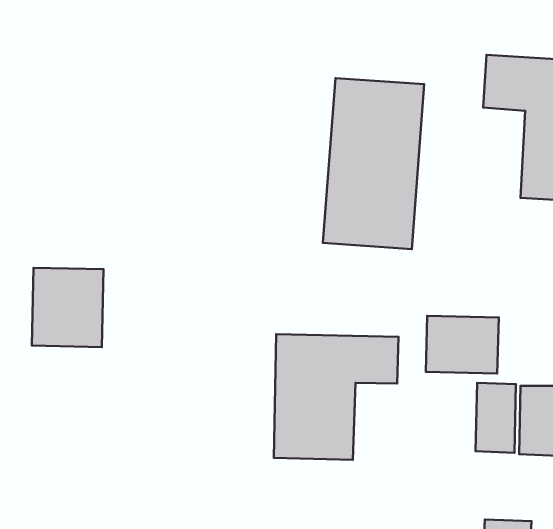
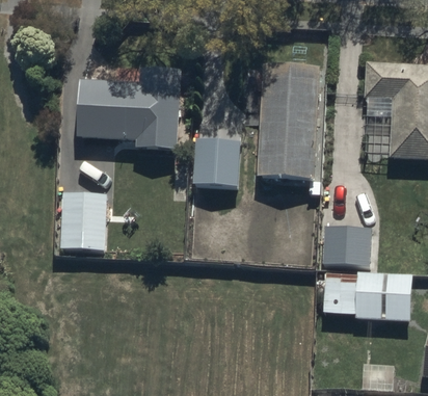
building: none -> [75,63,179,147]
building: none -> [194,146,243,193]
building: [274,334,399,460] -> none

